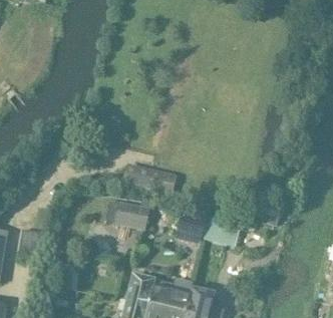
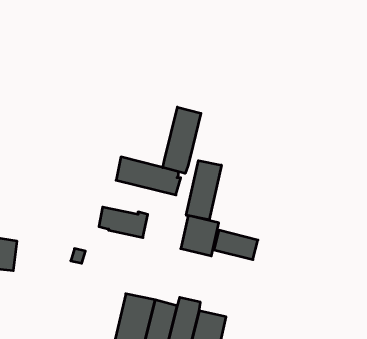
building: none -> [163,107,201,173]
building: none -> [186,161,221,220]

